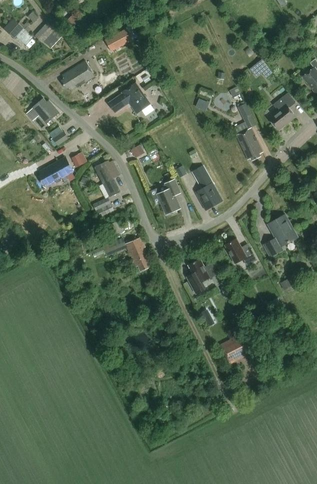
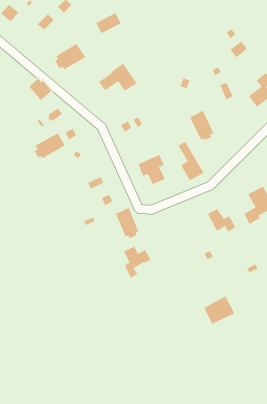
building: [236,127,263,160] -> [189,110,214,141]
building: [95,160,121,196] -> none
building: [188,259,218,294] -> [123,246,151,278]

